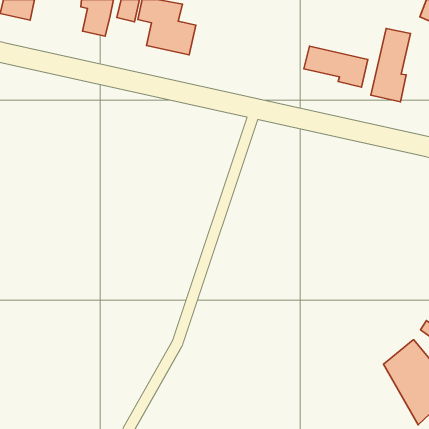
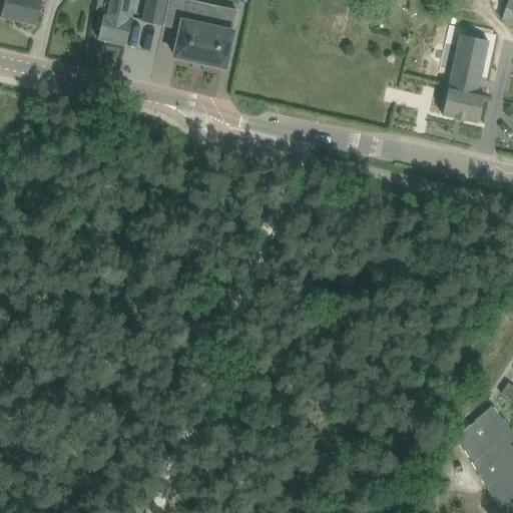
building: [304,46,368,87] -> none

